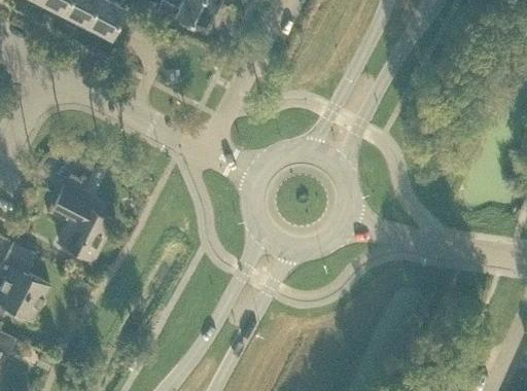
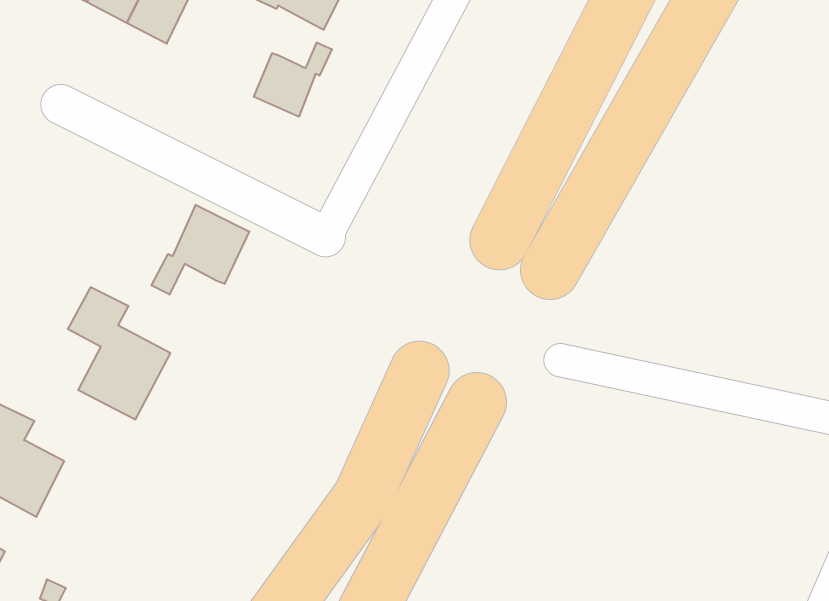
building: none -> [254,42,332,117]
building: none -> [152,205,249,295]

